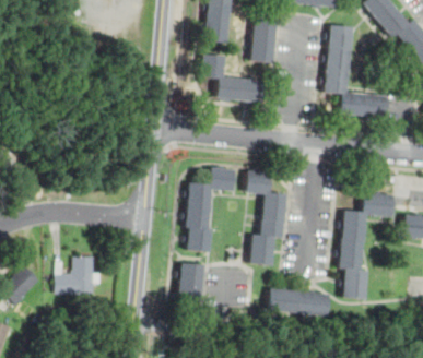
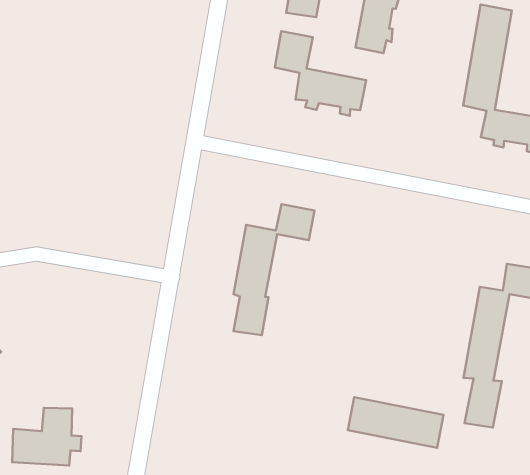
building: [246,171,285,265] -> none
building: [57,255,102,294] -> [12,408,82,465]
building: [179,261,204,311] -> none

